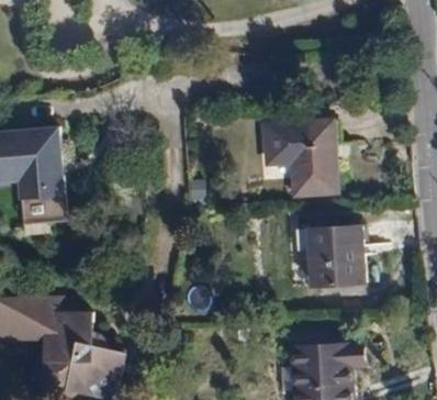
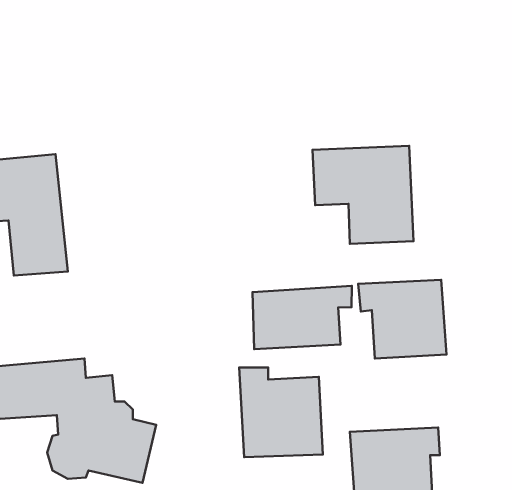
building: none -> [252,286,352,349]
building: none -> [239,367,323,457]

